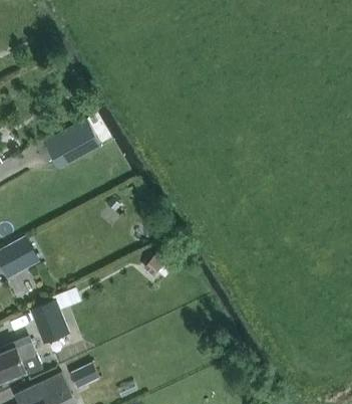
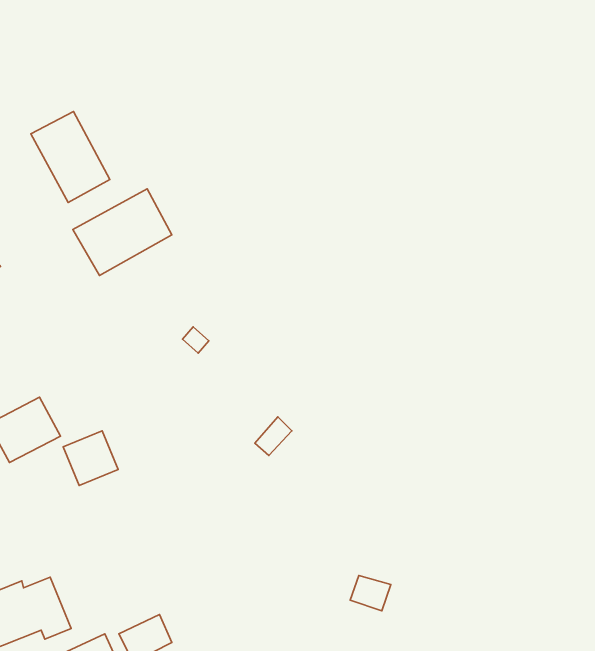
building: none -> [31,112,110,202]
building: [37,313,68,344] -> [63,431,118,486]

